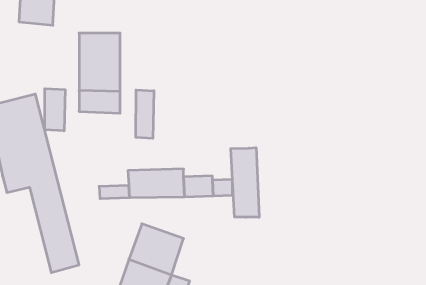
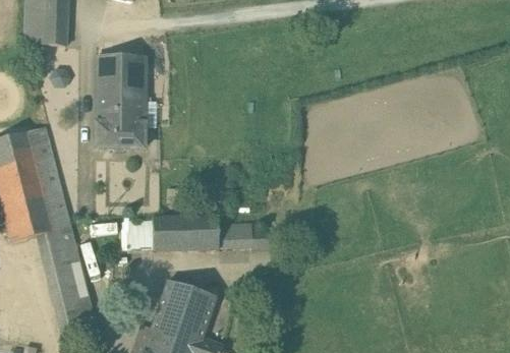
building: [45,89,65,131] -> none
building: [136,90,154,138] -> none
building: [231,148,259,217] -> none

